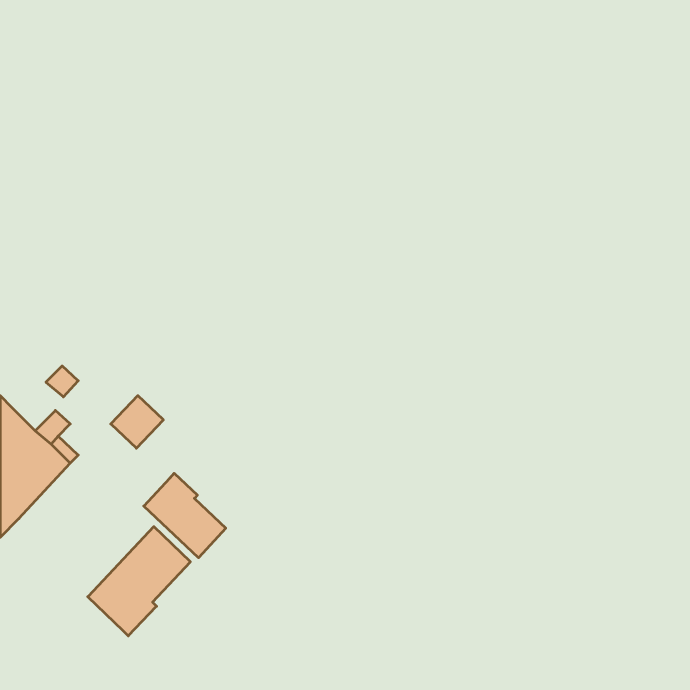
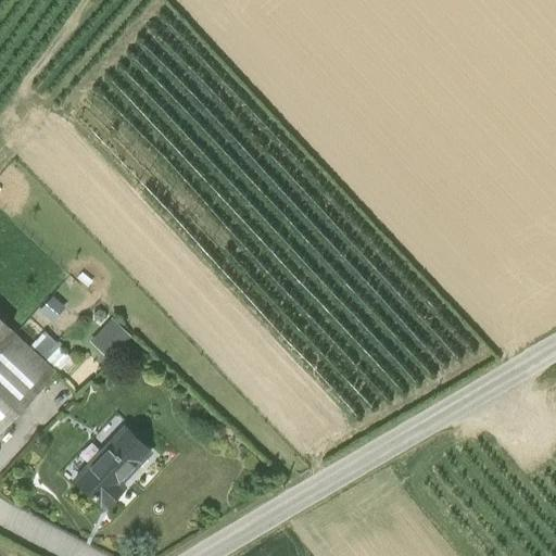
building: [144,473,226,558] -> none

